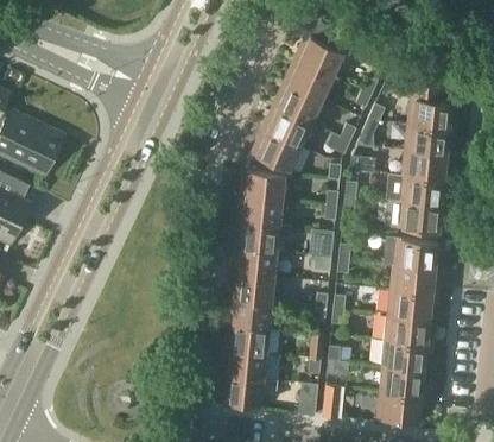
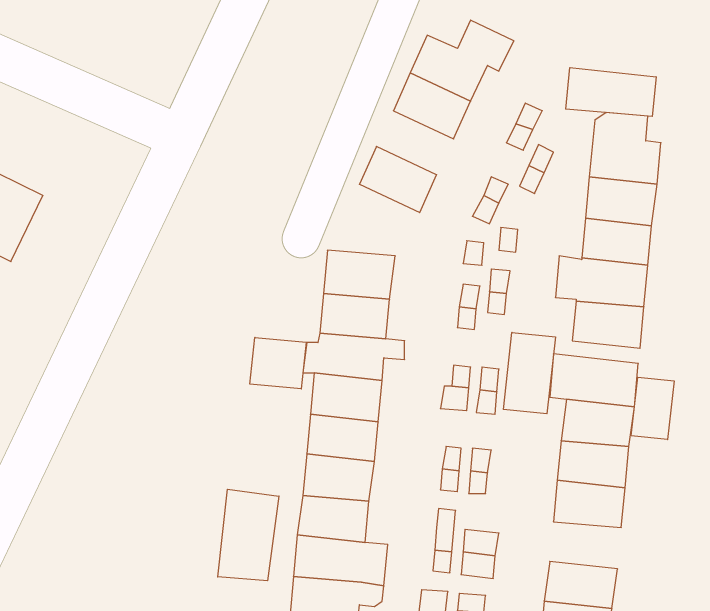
building: none -> [566,68,656,116]
building: [273,82,322,122] -> none
building: [251,128,300,170] -> none
building: none -> [503,332,555,414]
building: none -> [250,337,306,389]
building: none -> [631,377,674,440]
building: none -> [218,489,279,581]
building: [382,341,428,371] -> none

